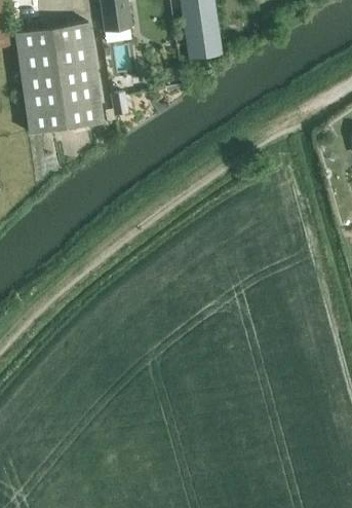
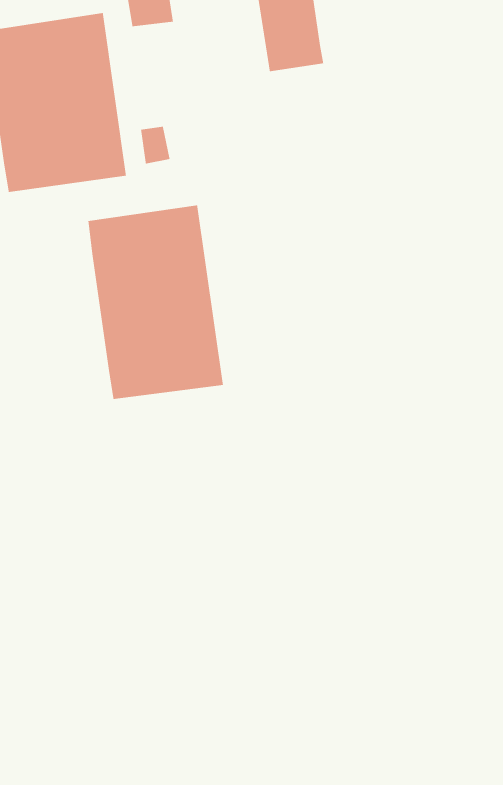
building: none -> [87,204,224,400]

